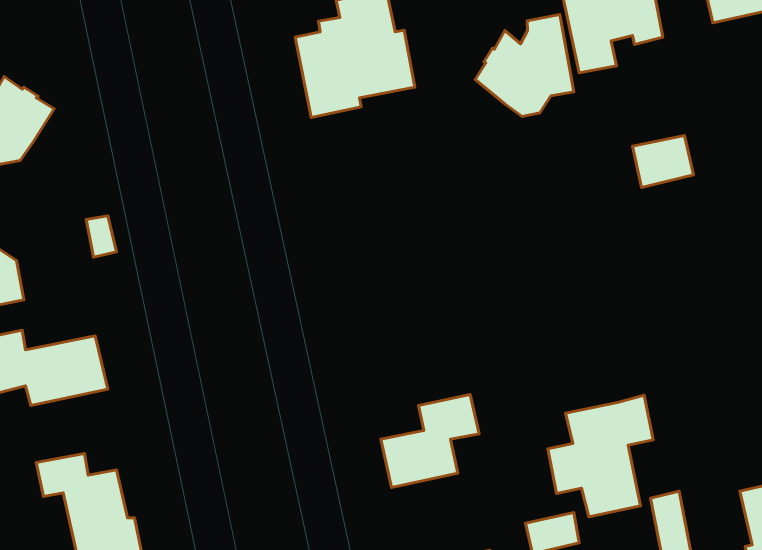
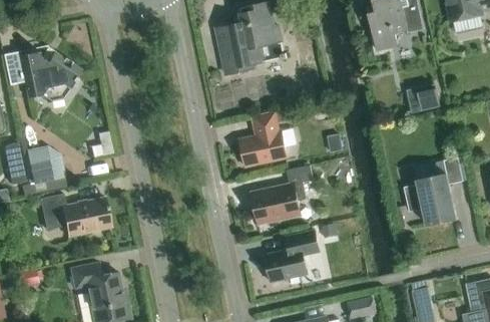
building: [475,14,574,117] -> none
building: none -> [239,111,287,167]
building: none -> [251,166,313,224]
building: [548,395,653,517] -> [404,156,463,225]

